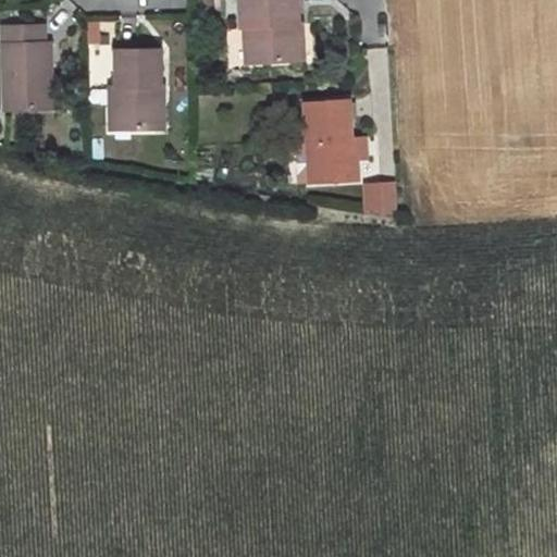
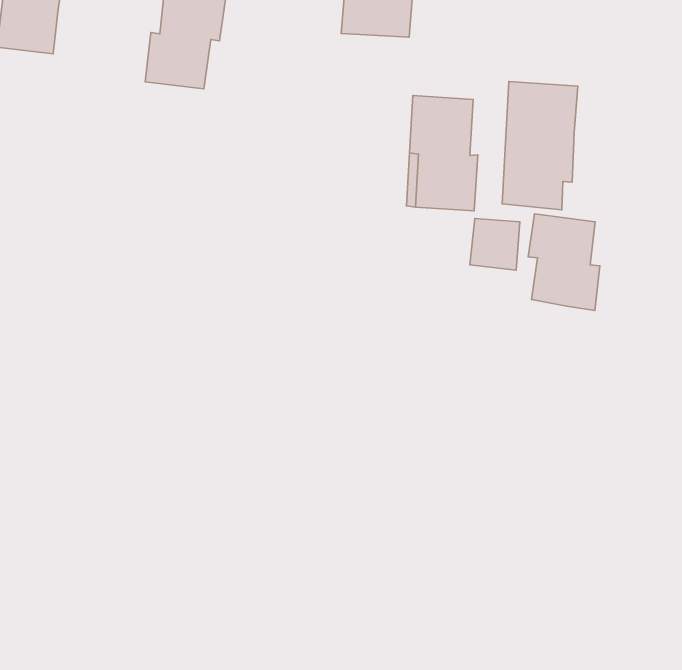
building: none -> [502,81,578,210]
building: none -> [528,214,600,310]

